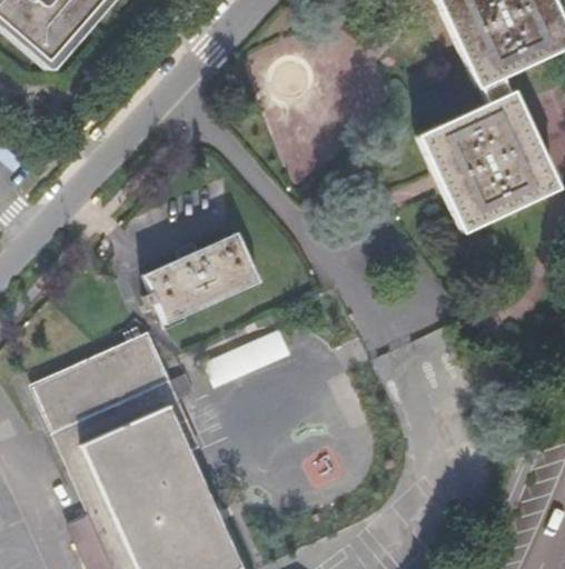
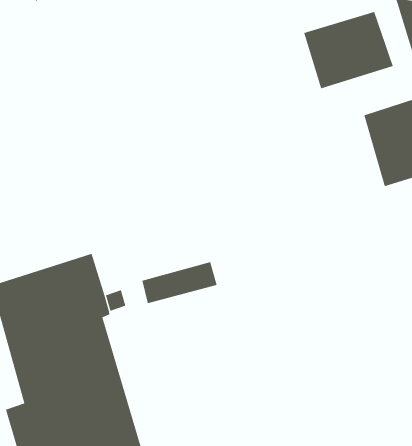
building: none -> [303,11,394,89]
building: [145,234,257,322] -> none

